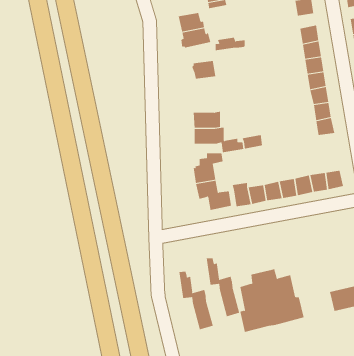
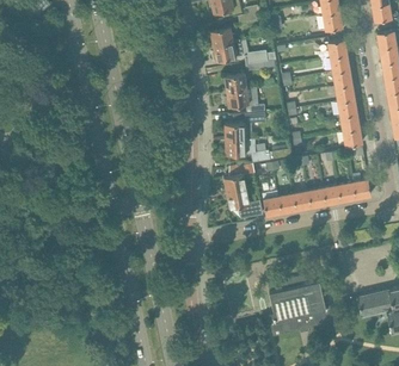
building: none -> [223,88,264,114]
building: [206,257,240,317] -> none
building: [179,271,213,330] -> none

